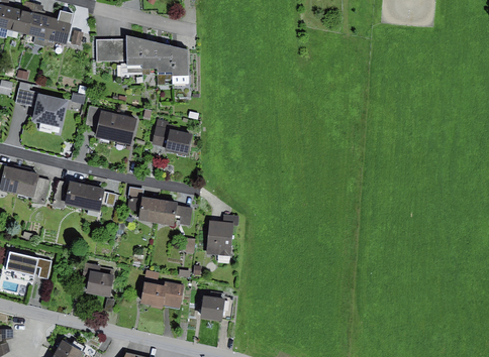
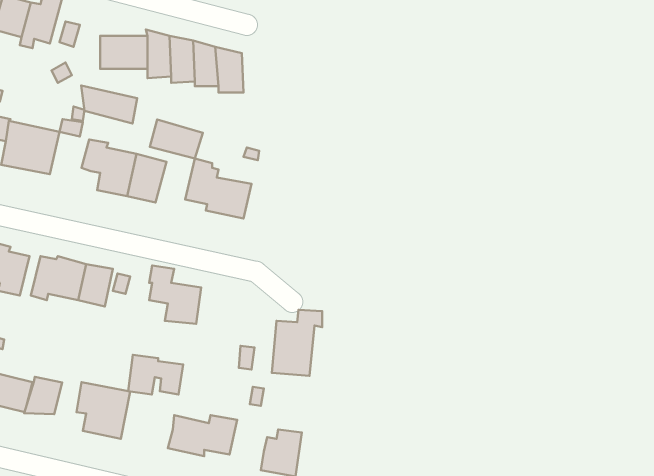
building: none -> [81,86,137,123]
building: none -> [150,119,203,159]
building: [158,201,193,226] -> [128,355,183,394]
building: none -> [24,377,62,414]

